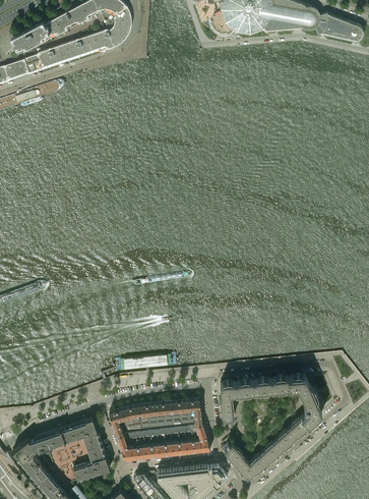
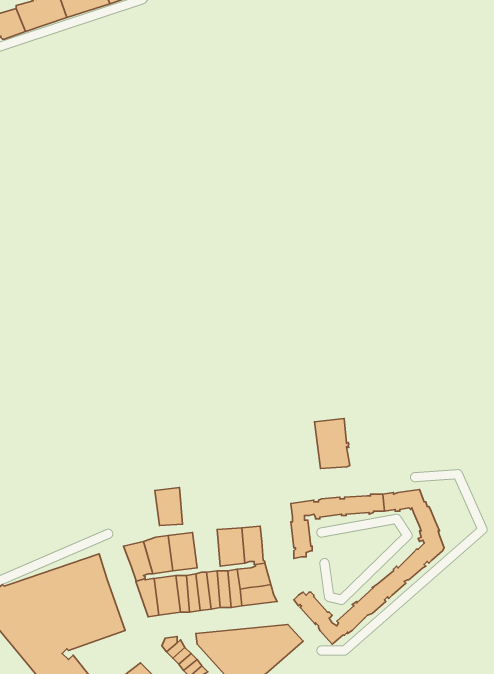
building: none -> [315,419,350,469]
building: [155,401,173,427] -> [155,487,183,526]

